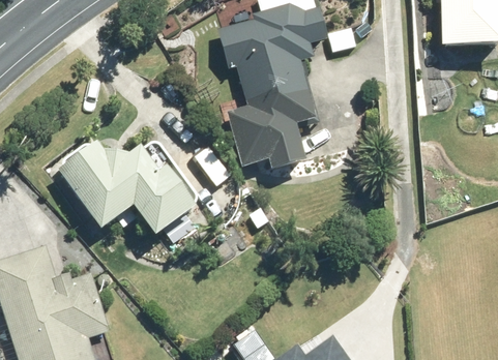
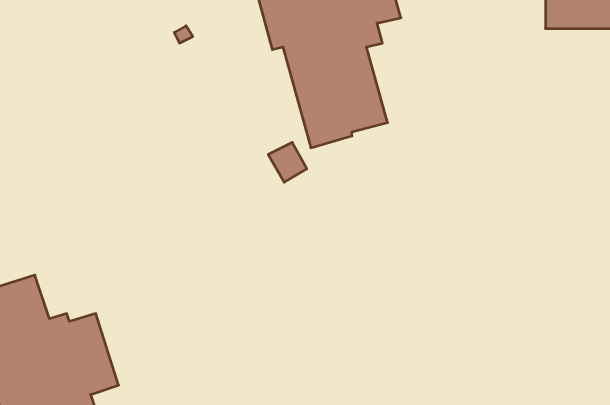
building: [57,141,198,245] -> none

